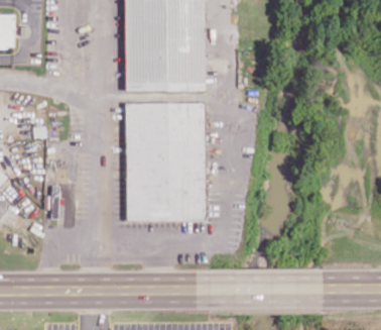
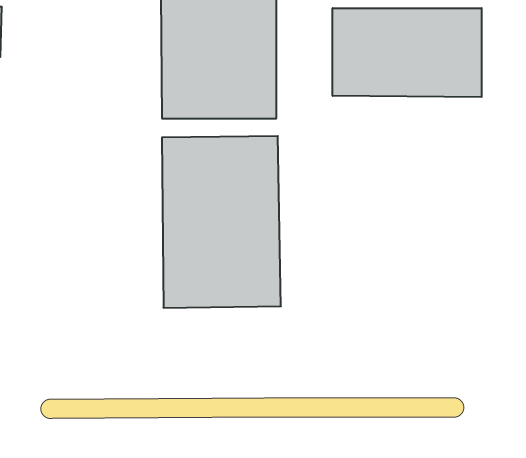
building: none -> [333,8,482,97]

